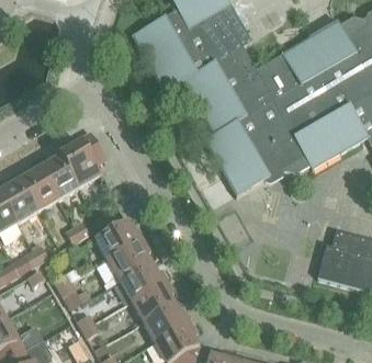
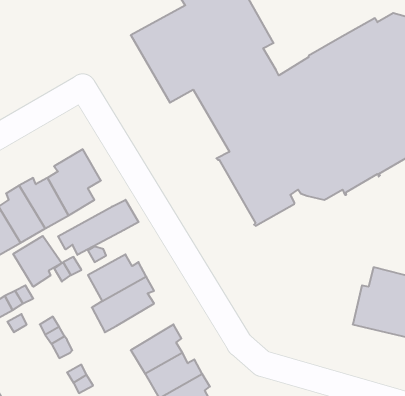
building: none -> [58,200,139,255]
building: none -> [13,236,62,287]
building: [119,262,167,302] -> none

